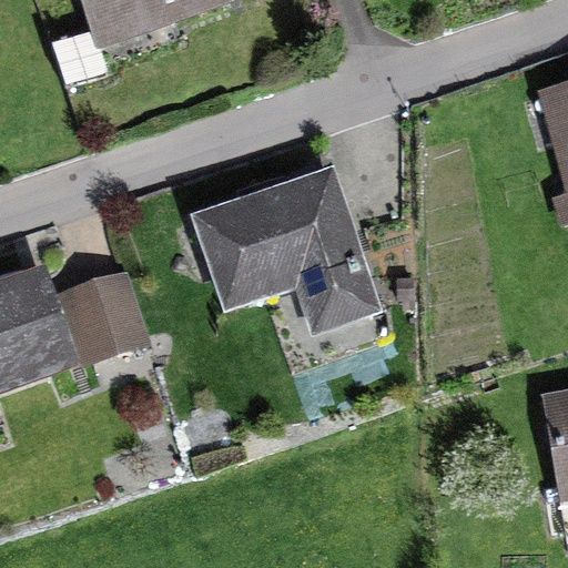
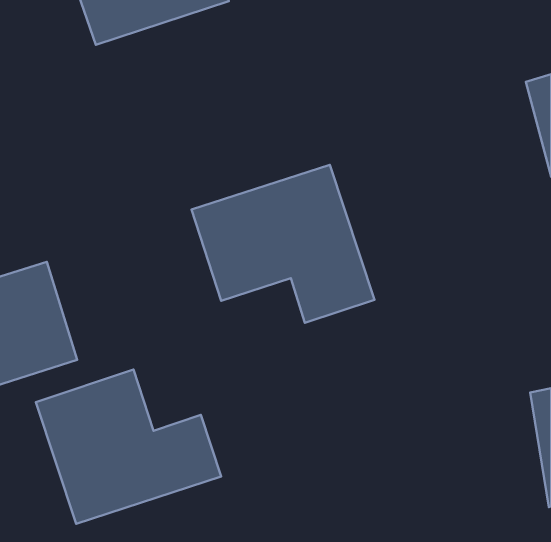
building: [62,272,150,366] -> none
building: none -> [36,369,221,524]

